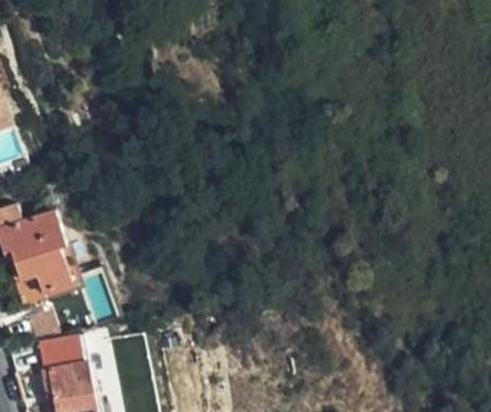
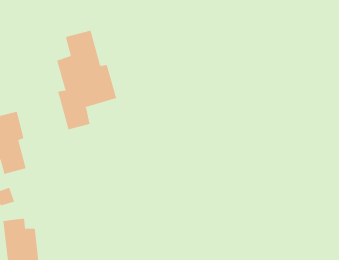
building: none -> [57,30,117,130]

